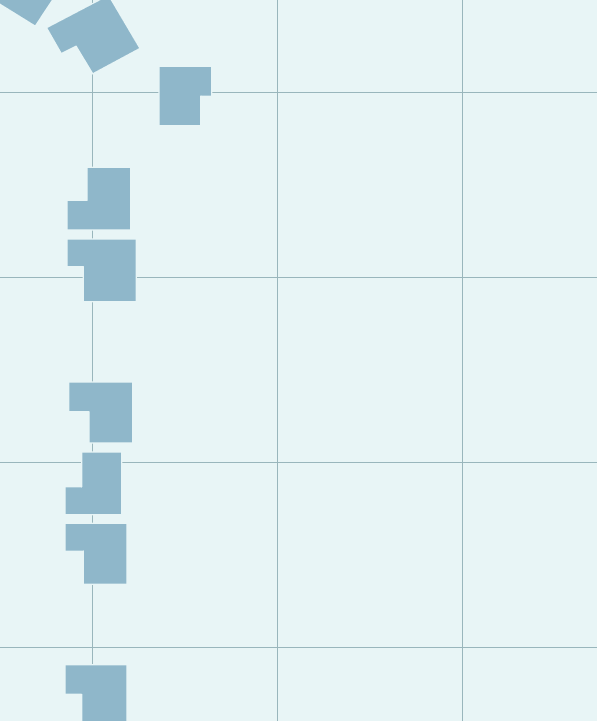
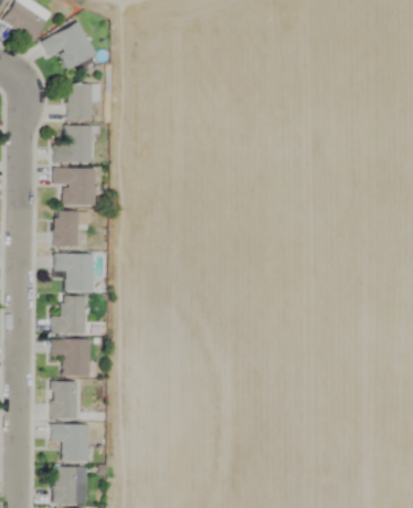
building: [159,67,212,125] -> [67,83,99,118]
building: none -> [54,212,88,246]
building: none -> [51,381,77,419]

